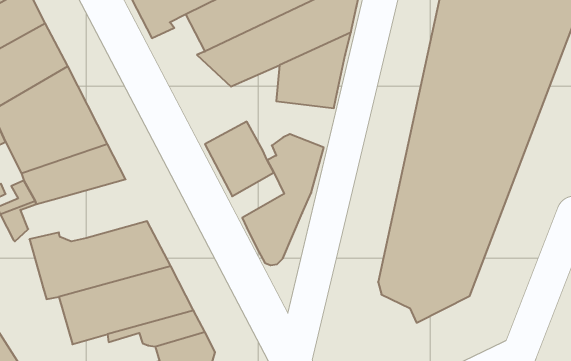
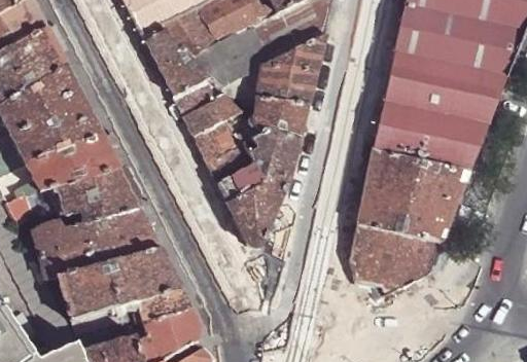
building: none -> [143,28,241,134]
building: none -> [253,95,309,137]
building: none -> [216,159,264,201]
building: none -> [54,166,139,219]

